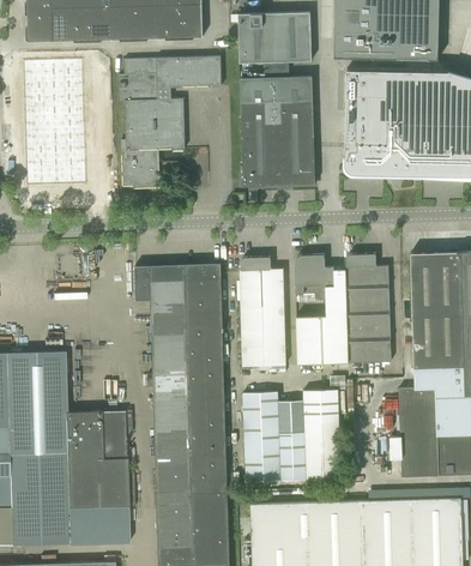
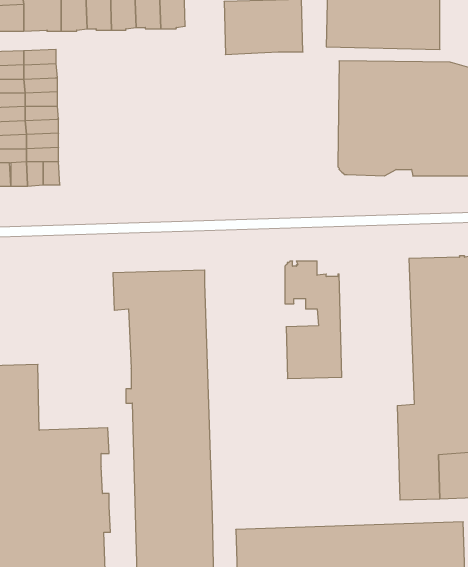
building: [119,55,222,186] -> none
building: [240,76,316,186] -> none
building: [345,253,391,362] -> none
building: [240,255,285,366] -> none
building: [242,389,342,482] -> none

